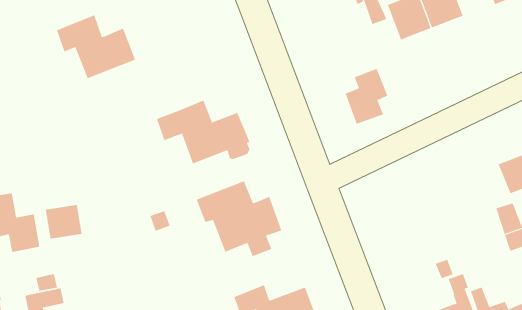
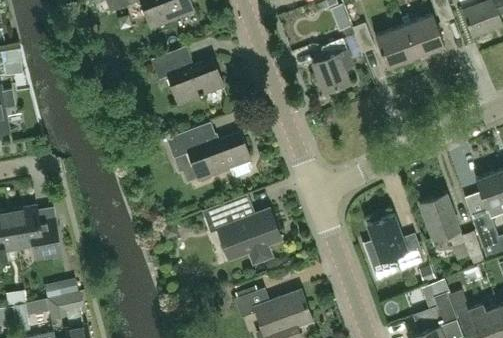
building: [56,15,136,79] -> [151,46,223,104]
building: [345,68,388,125] -> [313,40,352,91]
building: none -> [419,193,481,259]
building: none -> [362,215,424,270]
building: [45,204,82,239] -> none

